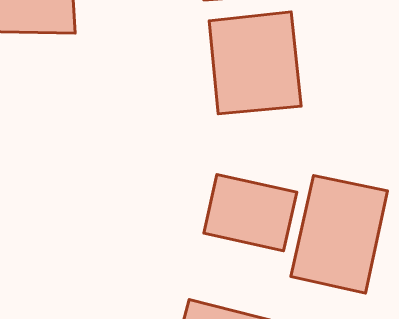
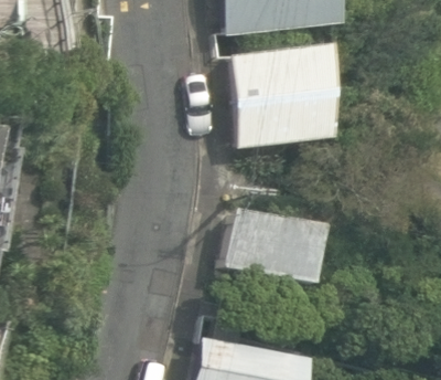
building: [291,176,387,293] -> none

